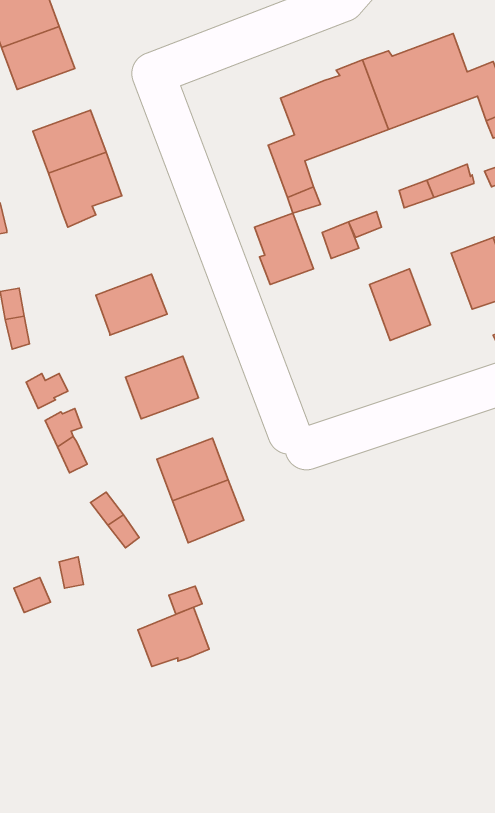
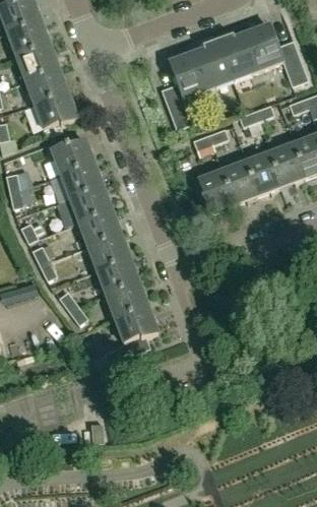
building: none -> [16,45,59,81]
building: [254,213,314,285] -> [199,171,234,212]
building: none -> [52,139,94,177]
building: none -> [245,152,281,194]
building: none -> [70,188,113,225]
building: none -> [88,237,130,272]
building: [138,607,209,666] -> [116,308,157,342]

